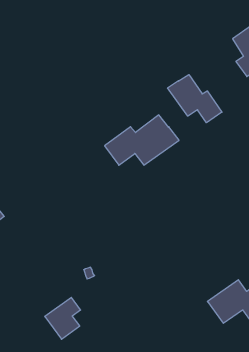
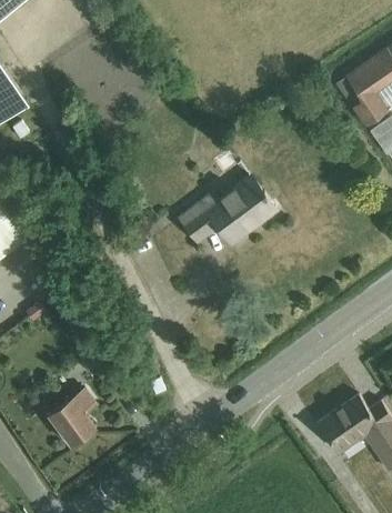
building: [168,75,222,123] -> none
building: [45,297,81,339] -> [49,390,97,445]

